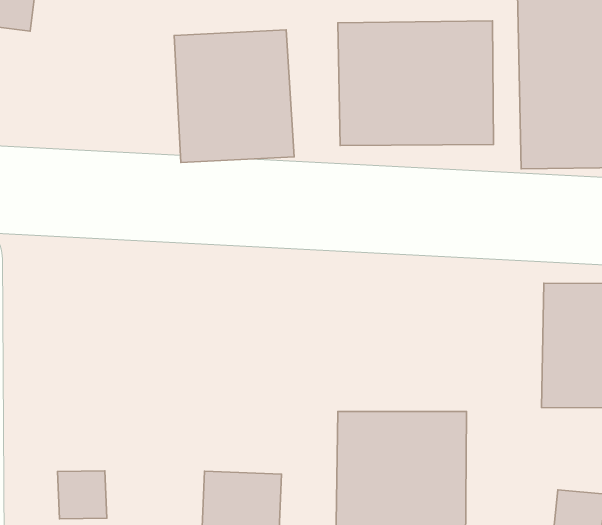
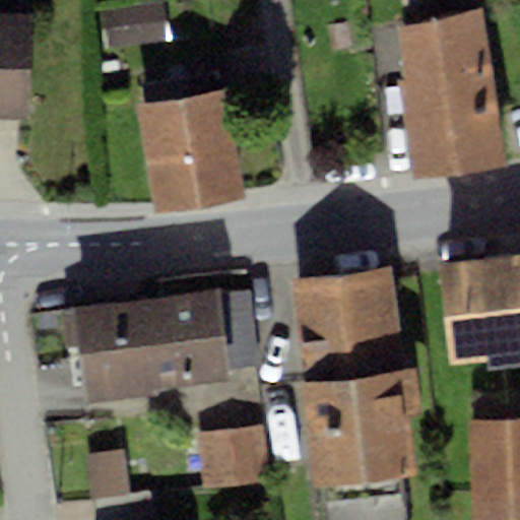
building: [338,21,493,145] -> none
building: none -> [81,289,228,399]
building: none -> [291,278,404,358]

